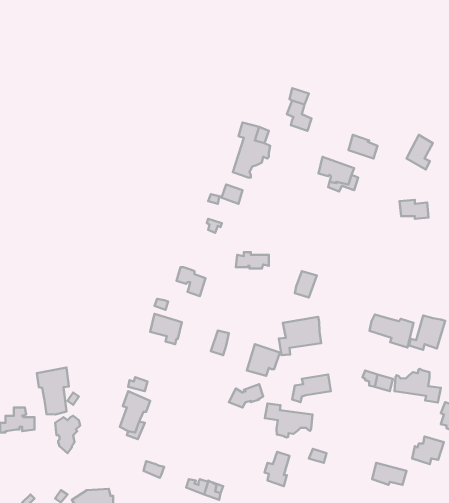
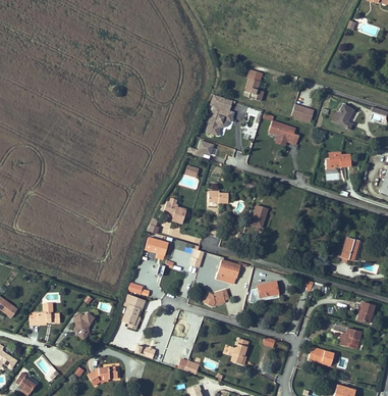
building: [370,314,413,348] -> none
building: [279,317,321,355] -> none
building: [37,367,69,414] -> none
building: [394,369,441,403] -> none
building: [265,403,312,437] -> none

